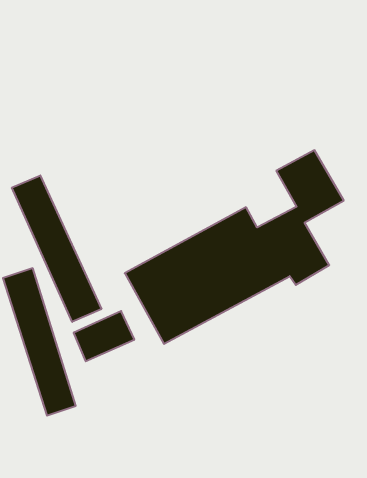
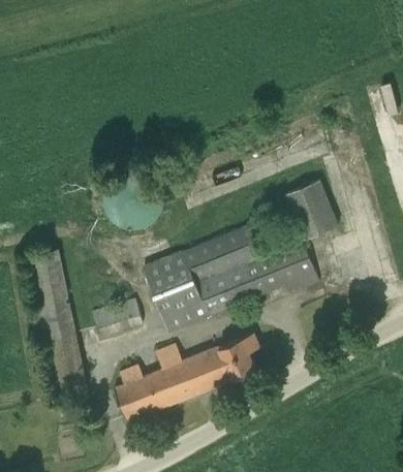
building: [12,175,101,322] -> none
building: none -> [114,334,259,422]

